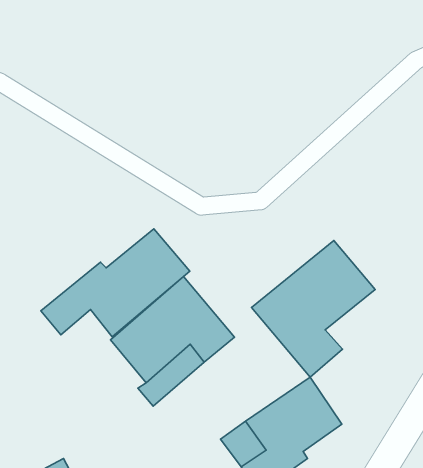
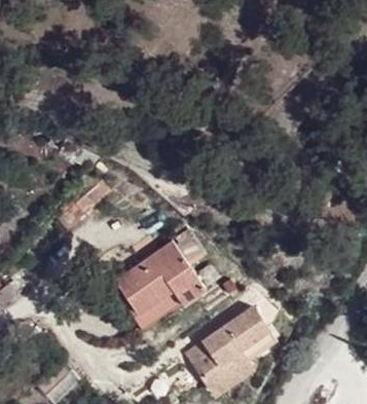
building: [41,229,190,337] -> none
building: [252,240,375,377] -> none

